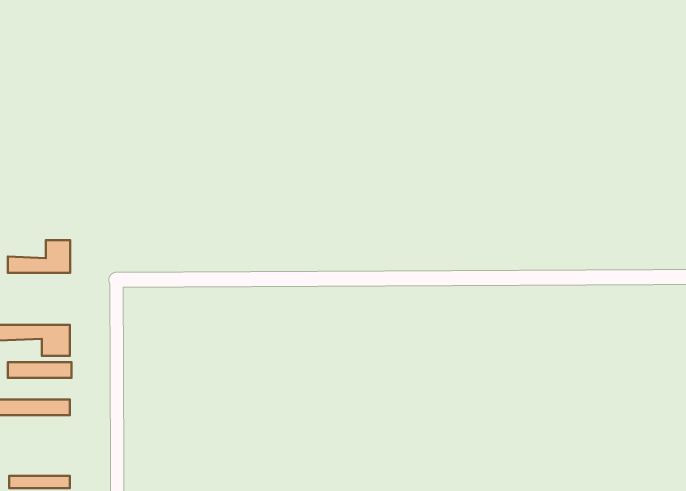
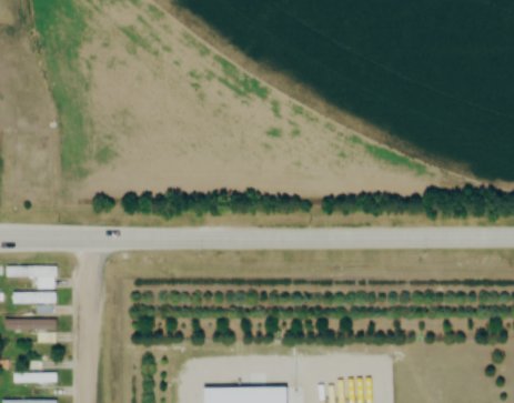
building: [8,240,70,273] -> none

